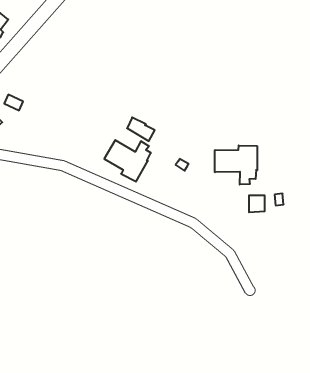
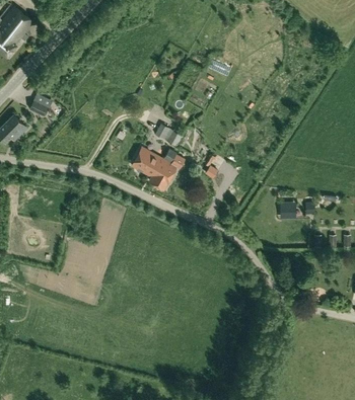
building: [215,145,257,185] -> none

